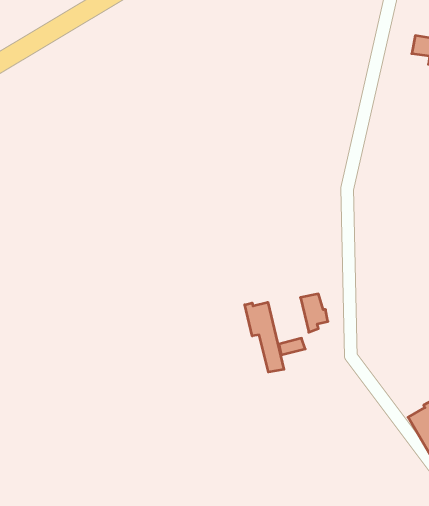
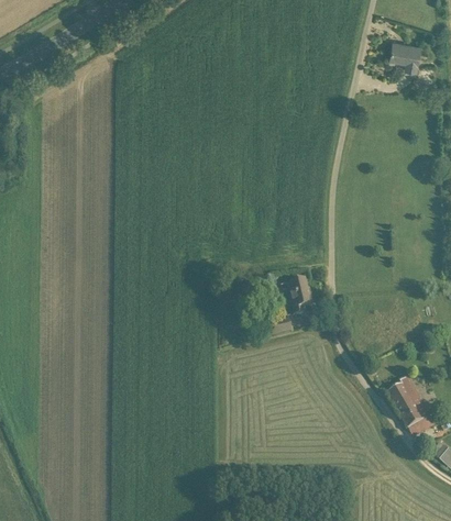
building: [245,302,284,372] -> none

